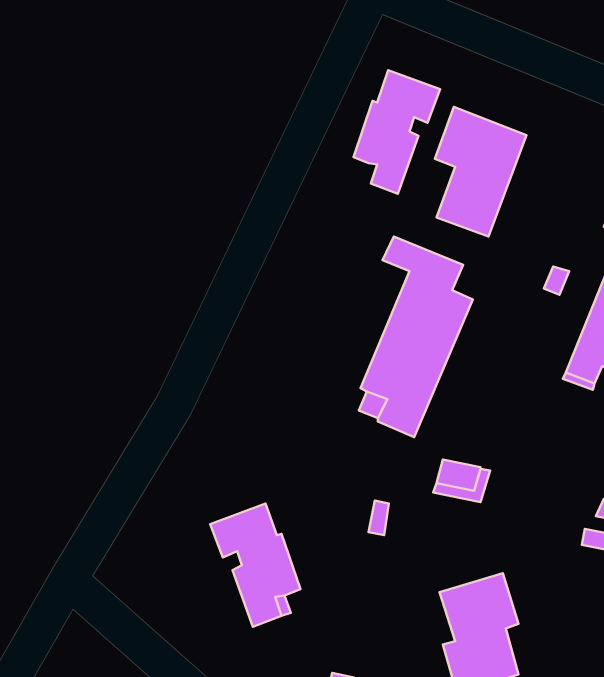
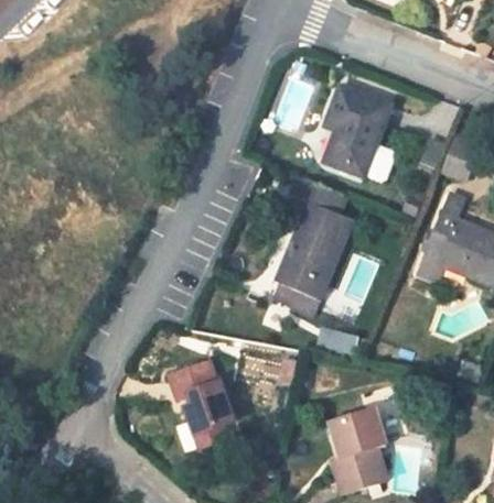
building: [354,70,440,194] -> none

